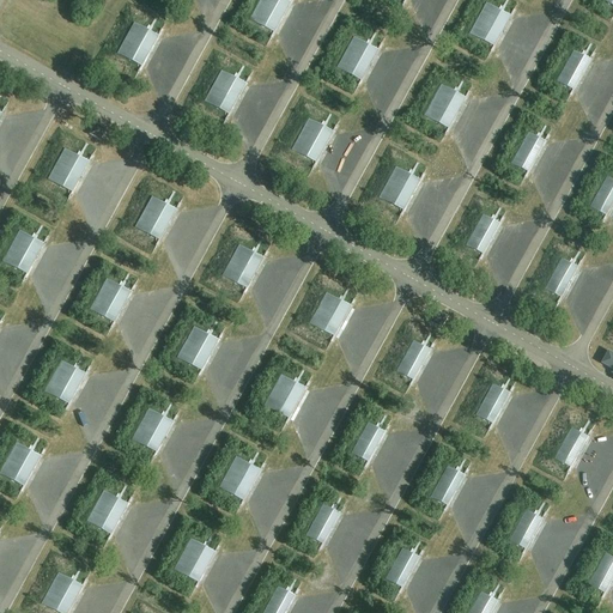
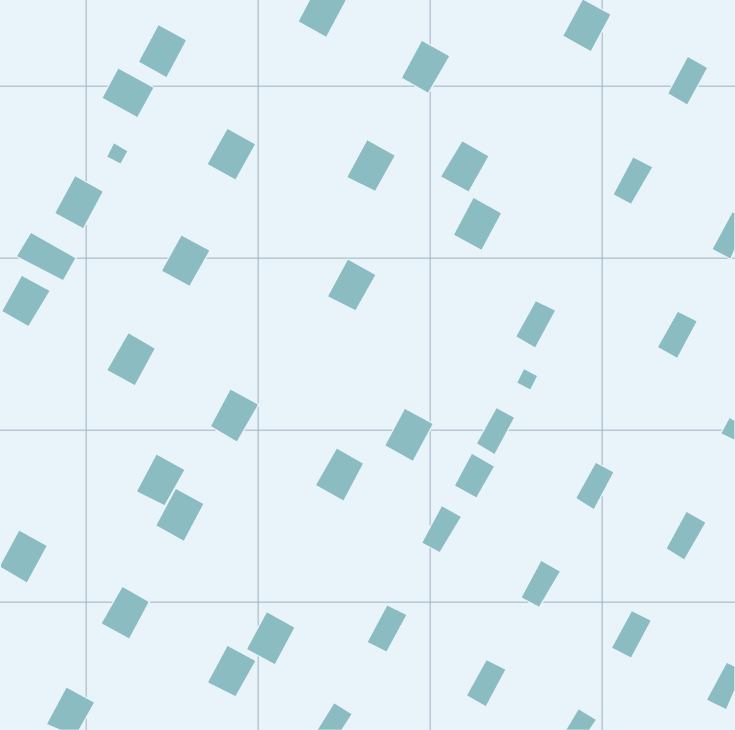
building: none -> [102,68,154,118]
building: [204,69,244,113] -> [207,128,256,180]
building: [421,83,462,126] -> [440,140,489,192]
building: none -> [16,232,76,281]
building: [465,213,498,253] -> [515,301,556,348]
building: [219,242,260,285] -> [327,259,376,311]
building: [308,290,348,334] -> [384,408,433,461]
building: [44,359,85,402] -> [136,454,185,506]
building: none -> [454,453,495,498]
building: [218,454,259,498] -> [246,612,295,665]

